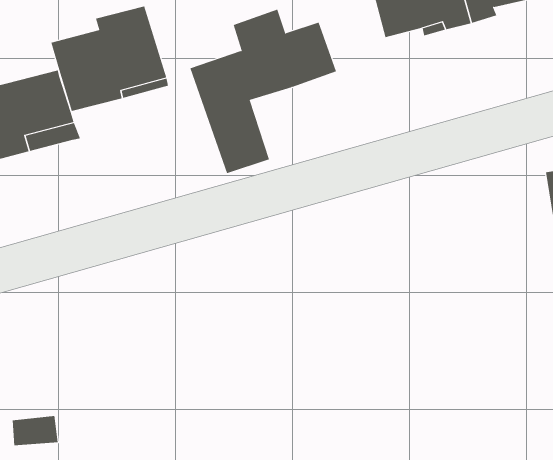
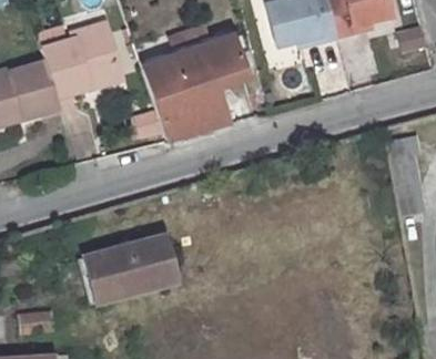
building: none -> [185,82,230,132]
building: none -> [84,233,180,301]

